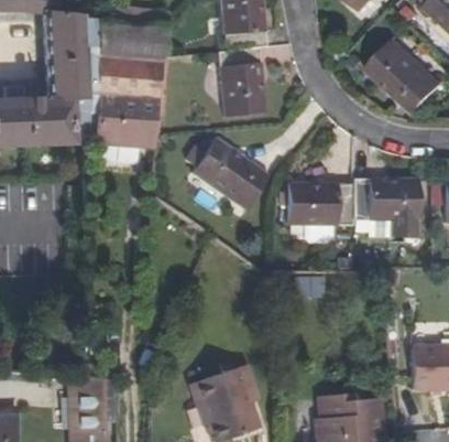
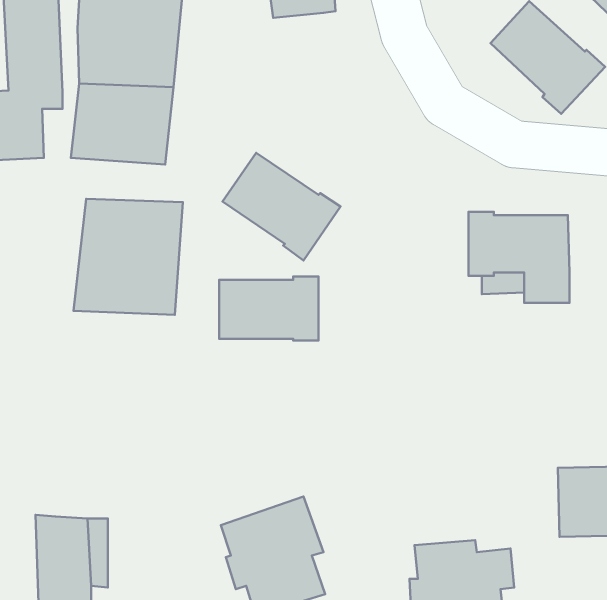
building: [218,47,264,116] -> none
building: none -> [74,199,183,315]
building: [288,183,353,225] -> [219,277,319,341]

